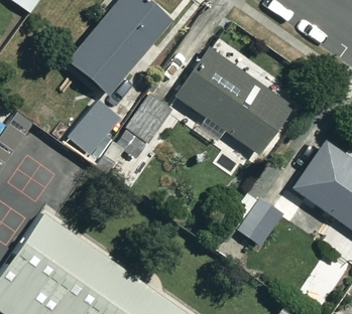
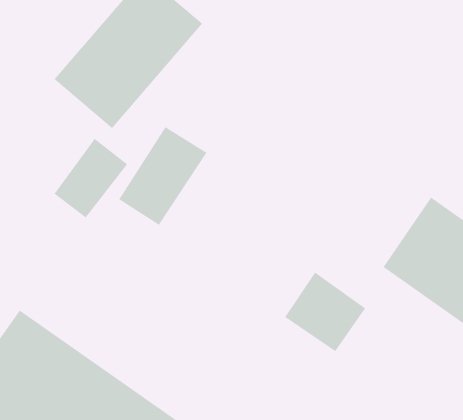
building: [174,46,291,152] -> none

